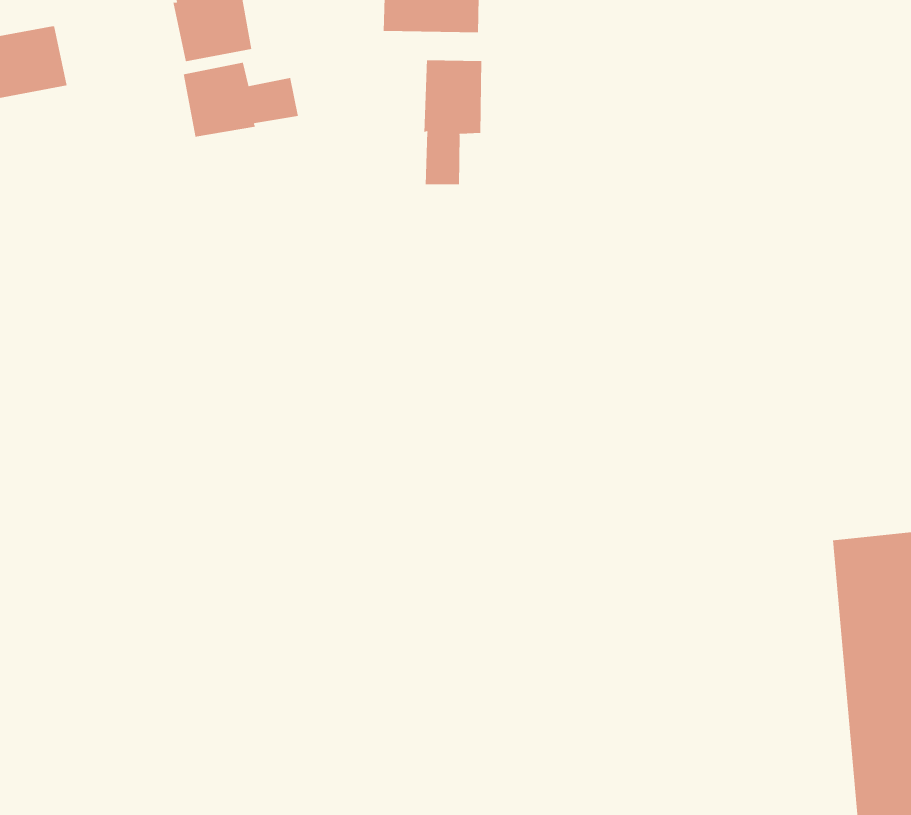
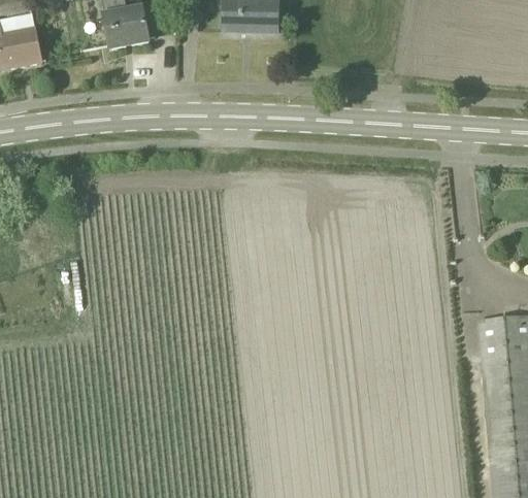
building: [424,59,482,185] -> none
building: [183,62,299,137] -> none

